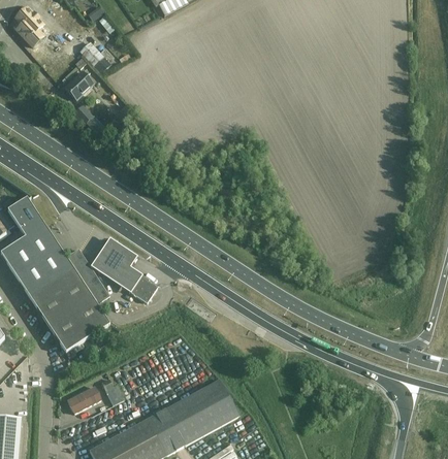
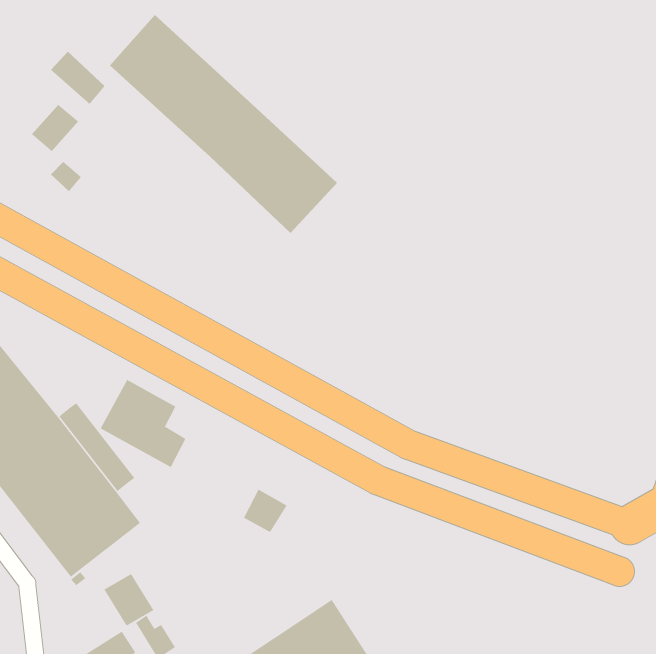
building: none -> [109,14,338,234]
building: [130,275,157,302] -> [243,489,287,533]
building: none -> [103,573,154,627]

